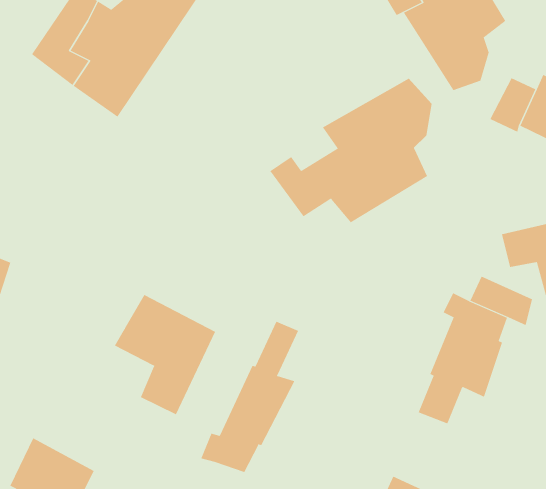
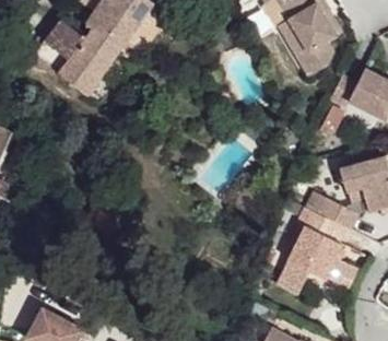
building: [269,78,432,223] -> none
building: [114,294,216,415] -> none
building: [200,321,299,473] -> none

